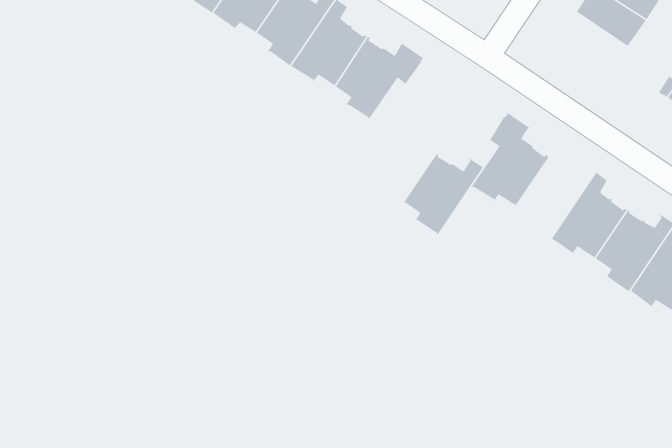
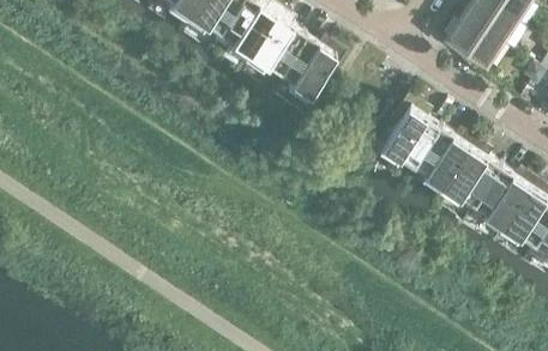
building: none -> [442,18,501,71]
building: [403,153,484,235] -> [416,128,477,190]

